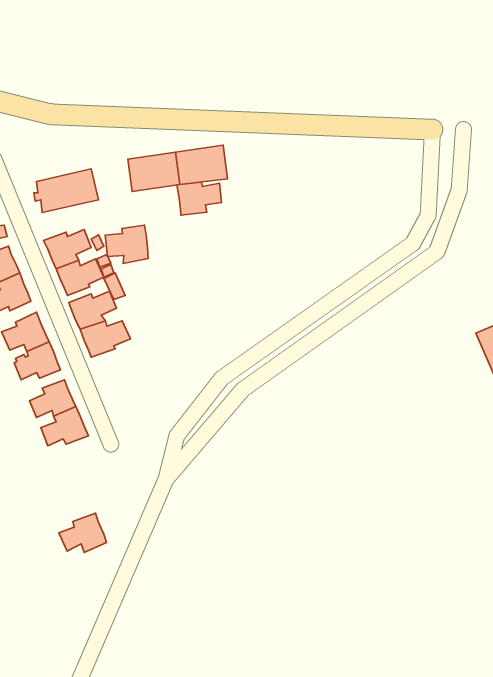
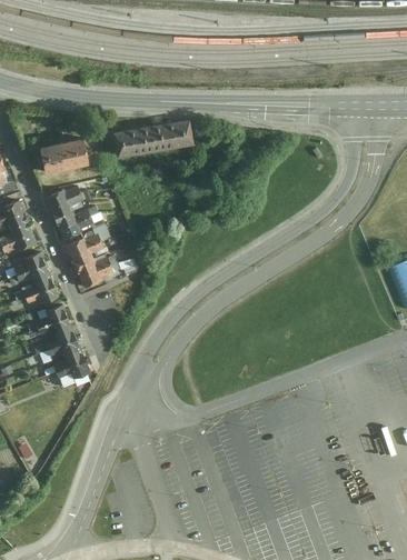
building: [177,182,222,215] -> none
building: [105,225,148,263] -> none
building: [59,513,107,552] -> [51,350,89,381]

